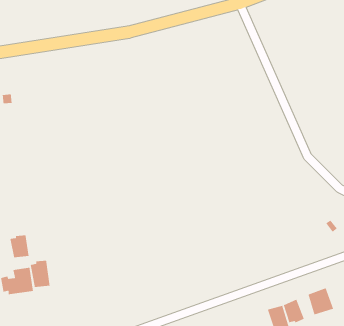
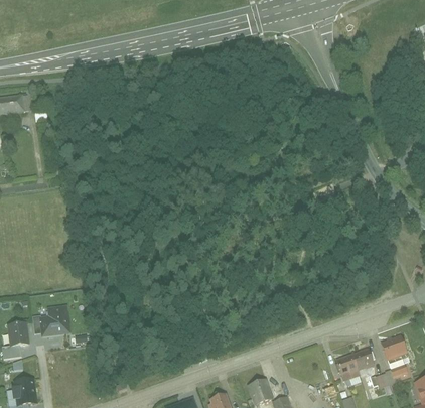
building: [10,234,29,258] -> none
building: [30,260,51,288] -> none

